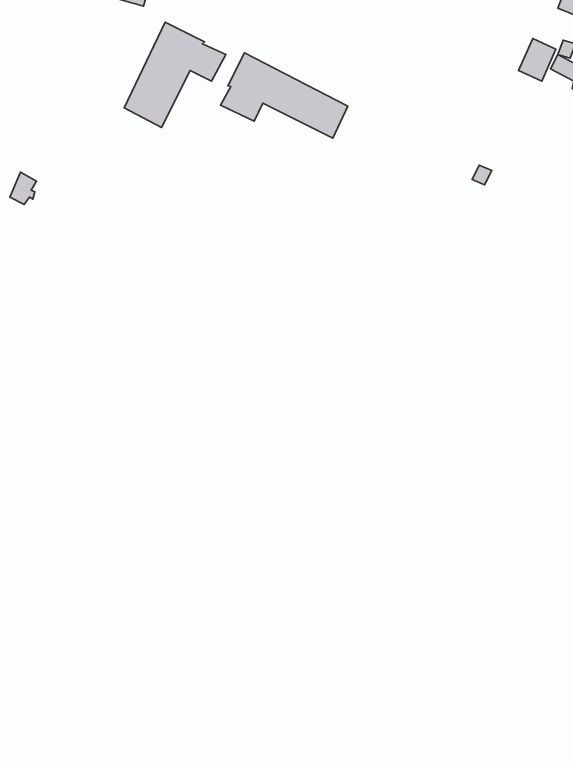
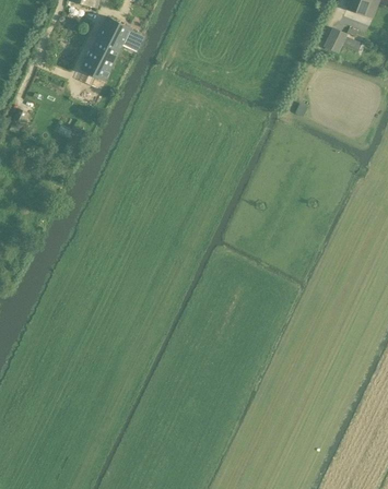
building: [220,53,348,138] -> none

